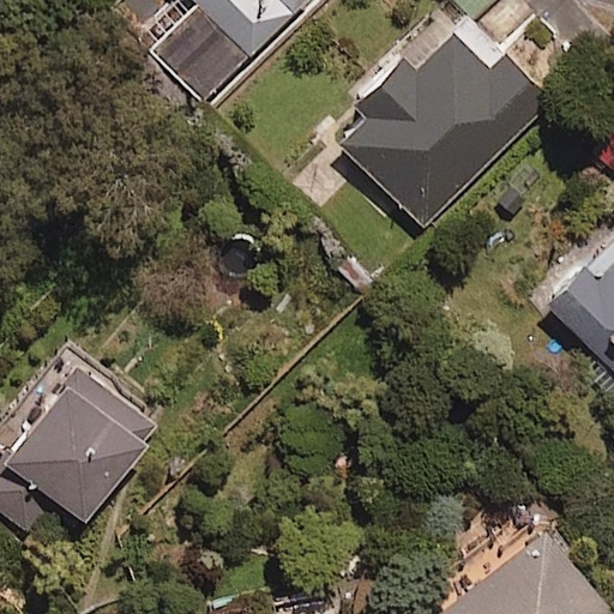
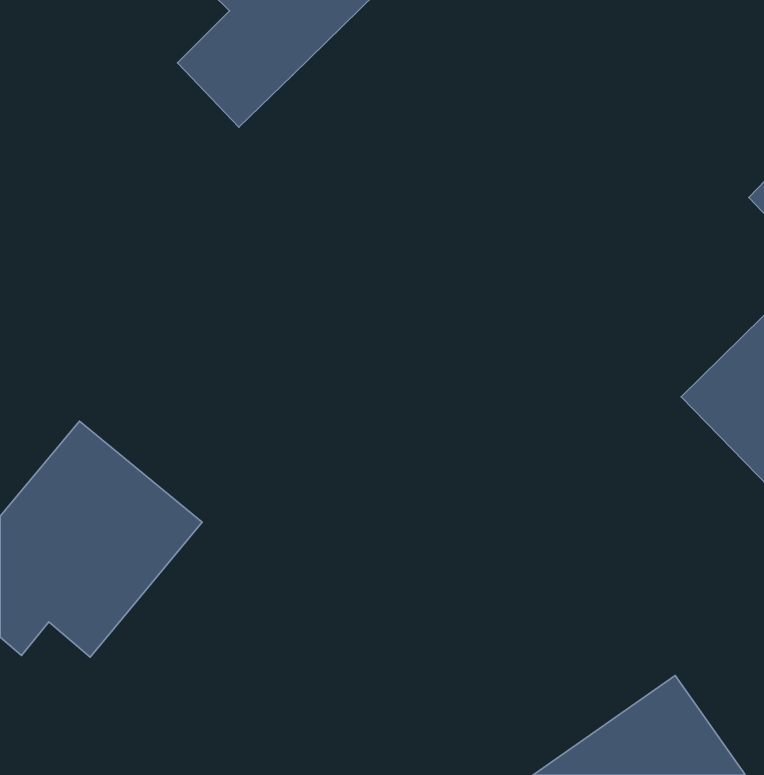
building: [341,28,552,236] -> none

